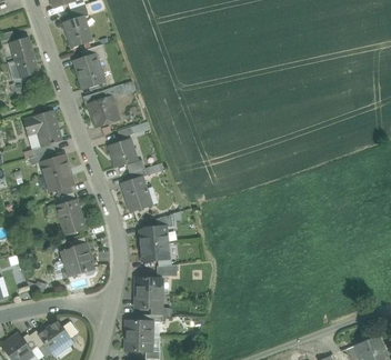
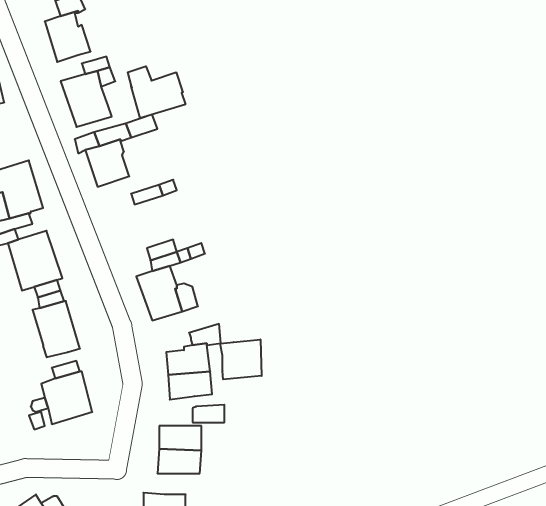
building: none -> [128,66,185,118]
building: [109,139,137,167] -> none
building: none -> [220,339,262,379]

